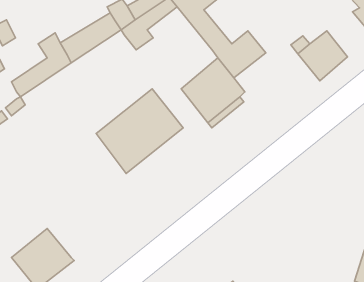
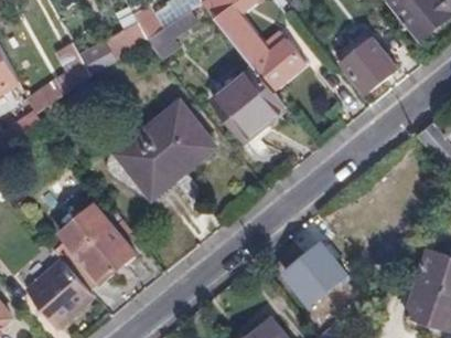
building: none -> [57,207,136,291]
building: none -> [286,243,345,300]

